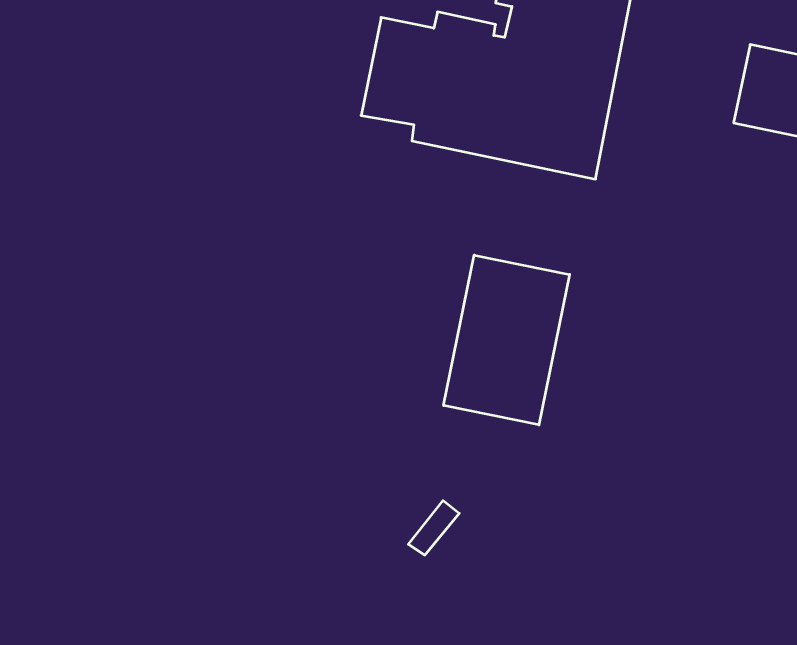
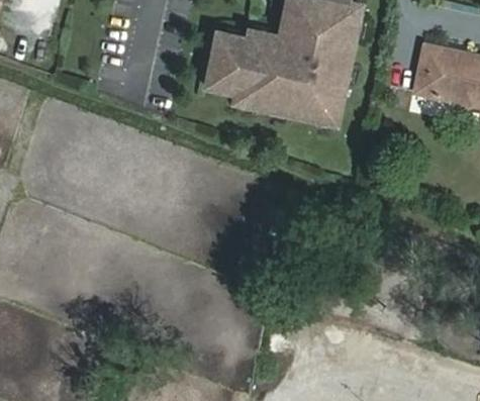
building: [444,255,570,425] -> none

